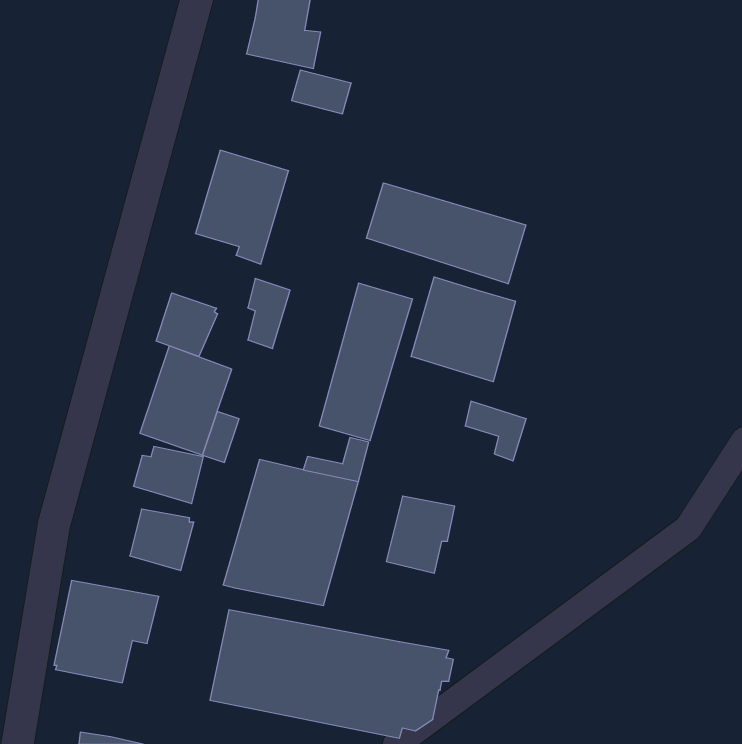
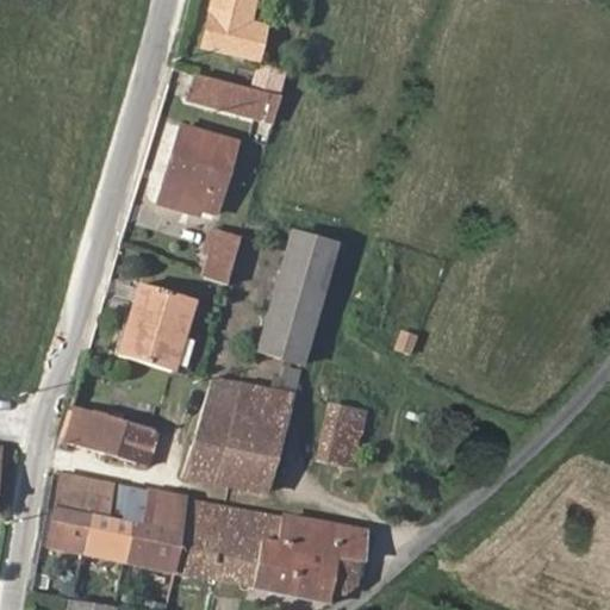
building: none -> [189,74,261,117]
building: [366,183,526,284] -> none
building: [411,277,515,382] -> none
building: [156,293,218,357] -> none
building: [133,447,203,504] -> [61,407,118,454]
building: none -> [102,487,189,572]

